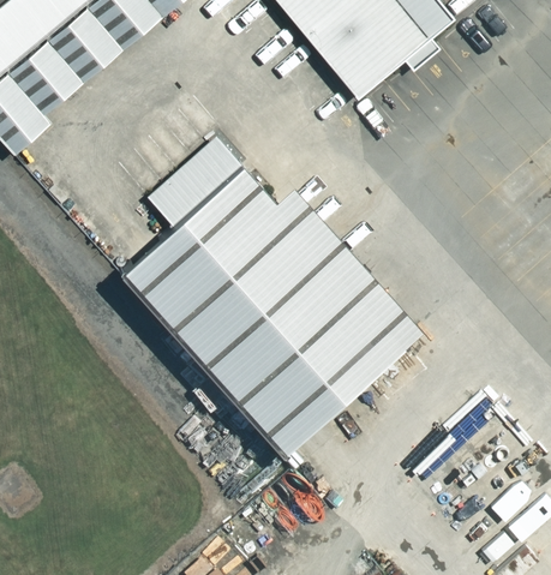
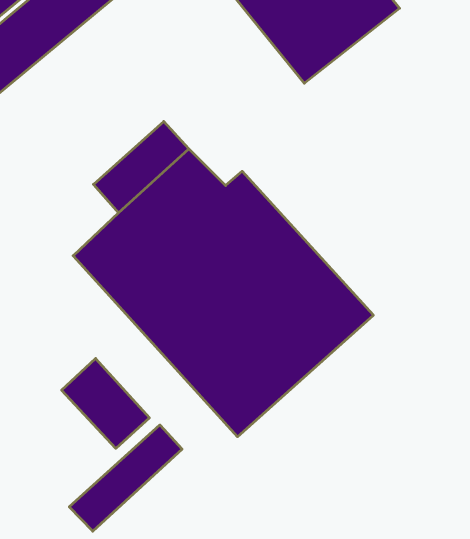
building: none -> [62,358,149,448]
building: none -> [69,425,182,531]

